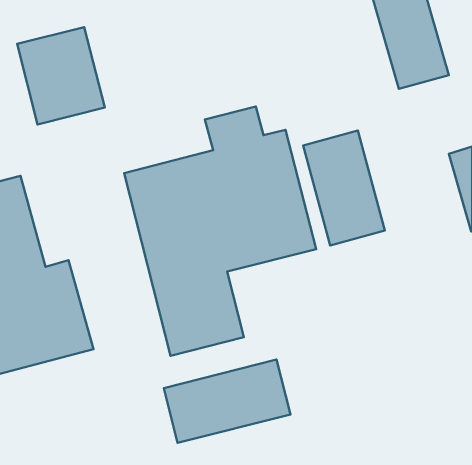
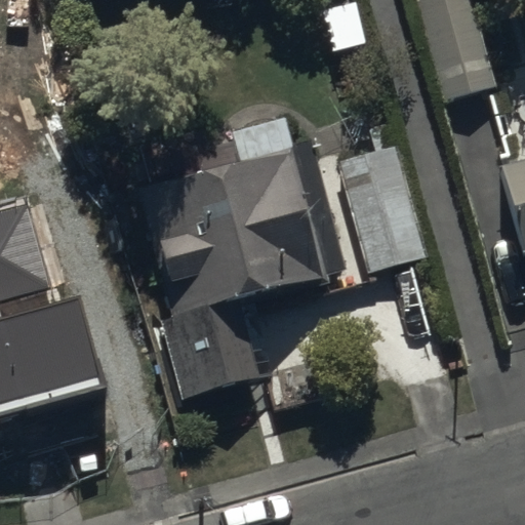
building: [17,27,105,125] -> none
building: [164,360,290,443] -> none

